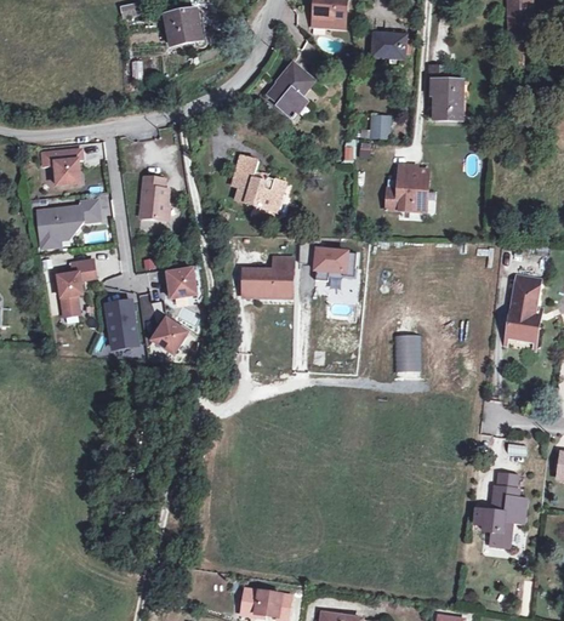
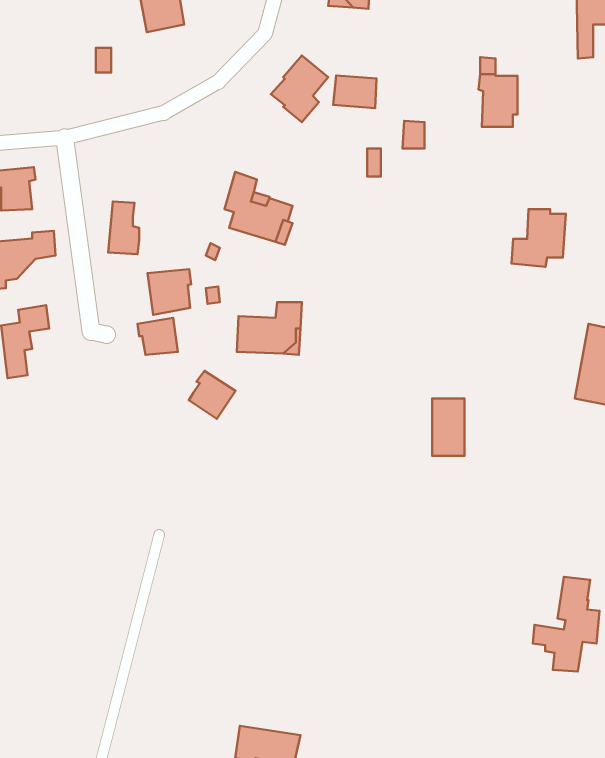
building: [371,32,405,57] -> [333,75,377,108]
building: [386,165,428,210] -> [512,209,566,267]
building: none -> [148,269,191,315]
building: [313,245,347,270] -> none
building: [104,300,136,346] -> none
building: [150,317,187,354] -> [189,371,235,419]

